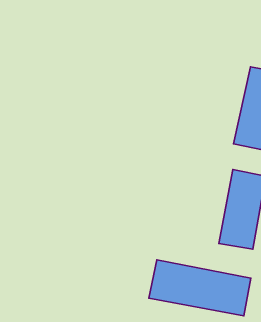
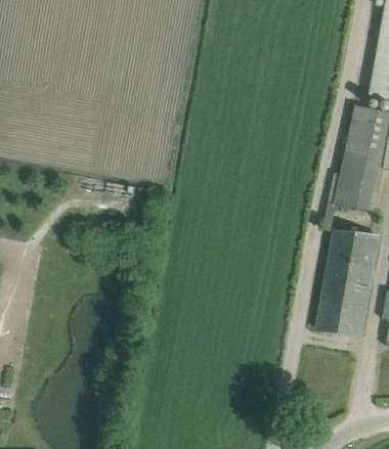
building: [149,260,251,316] -> none

